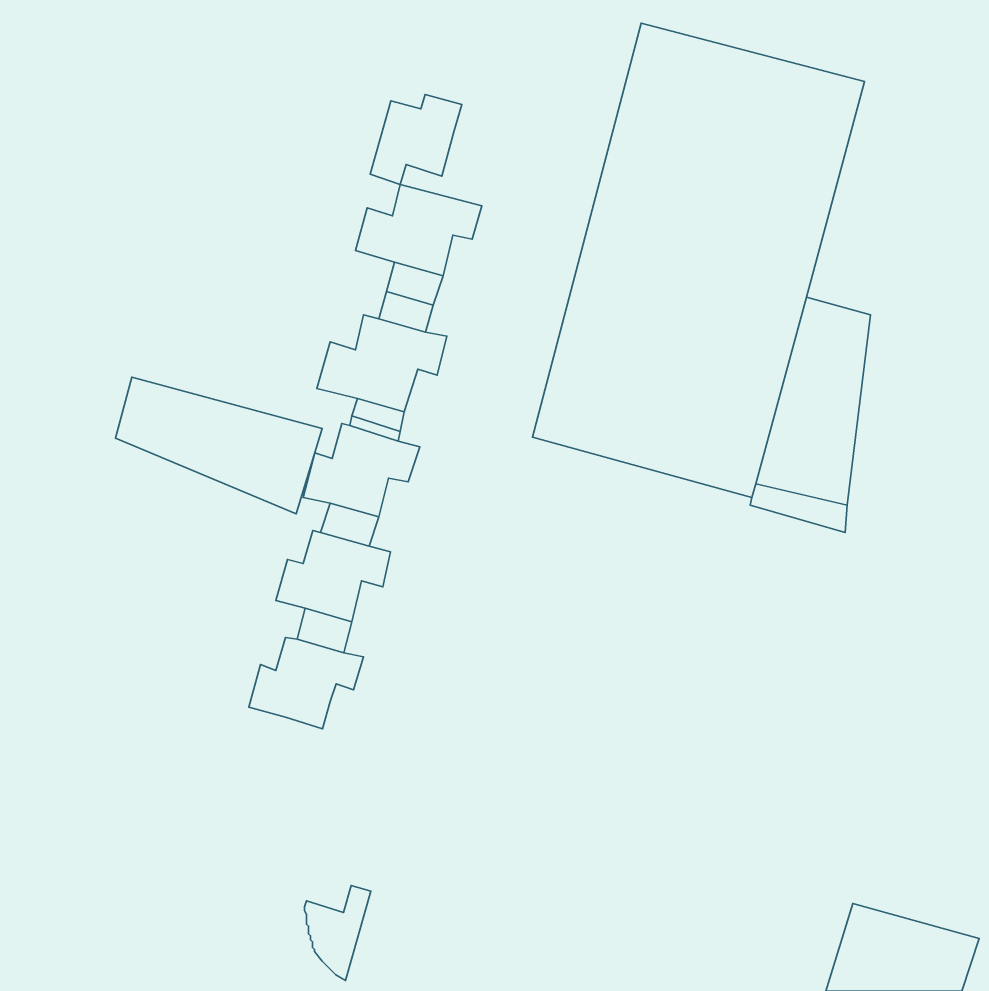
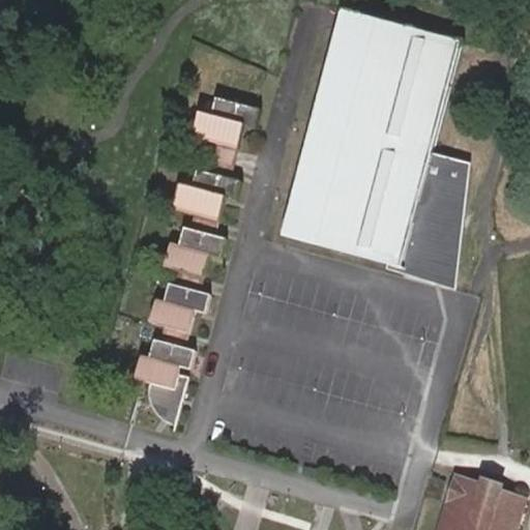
building: [370,94,462,185] -> none
building: [116,377,322,514] -> none
building: [305,885,371,981] -> [151,374,186,424]

